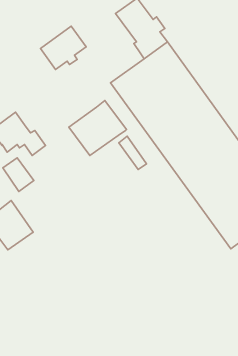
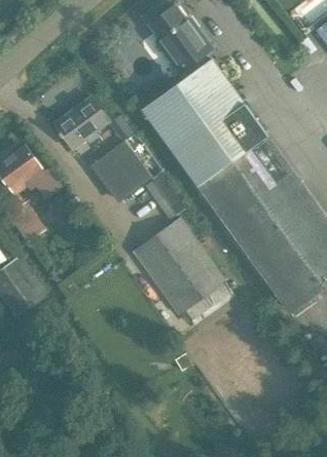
building: [40,26,86,70] -> [53,97,110,150]
building: none -> [133,217,234,326]

